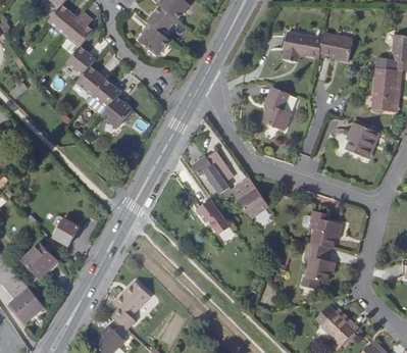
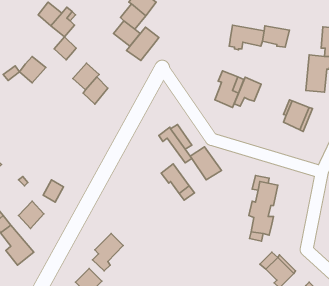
building: none -> [126,27,159,61]
building: [75,65,107,97] -> [19,57,46,83]
building: none -> [234,77,261,106]

